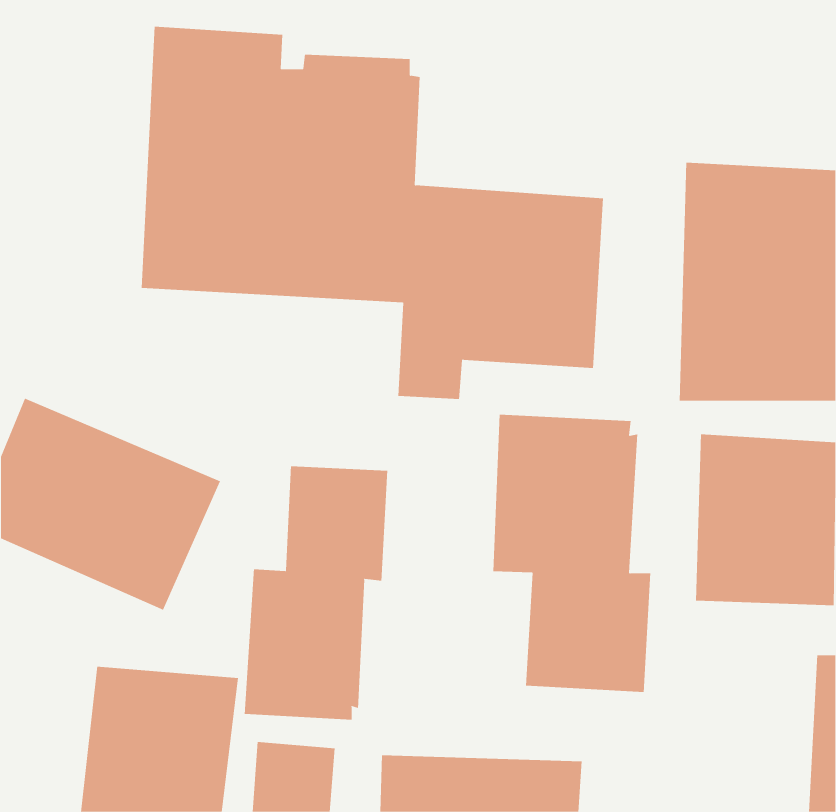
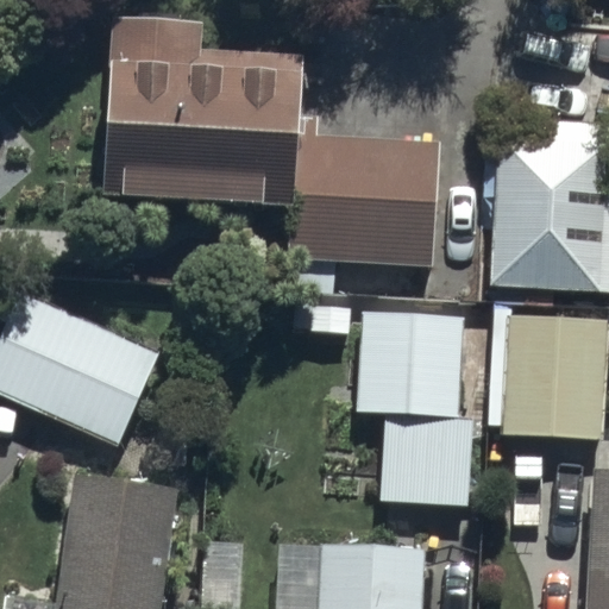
building: [244,465,388,721] -> none

